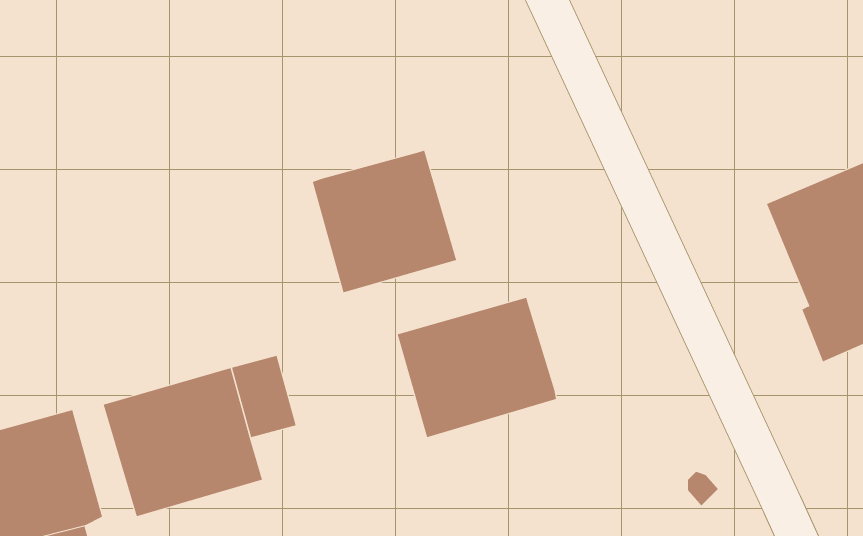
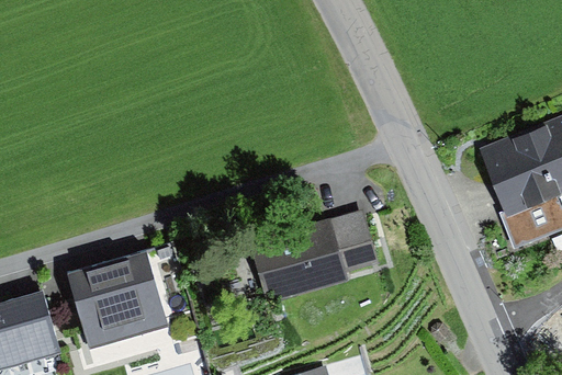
building: [312,150,457,293] -> none
building: none -> [330,208,378,272]

